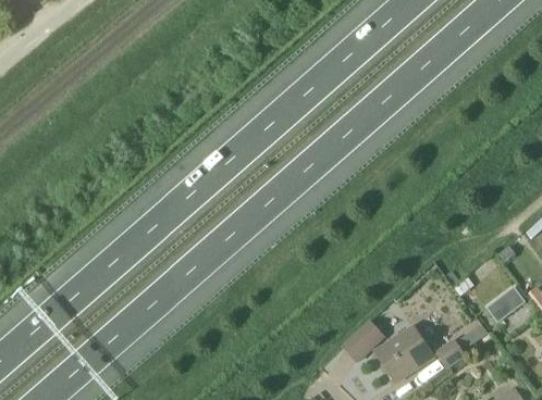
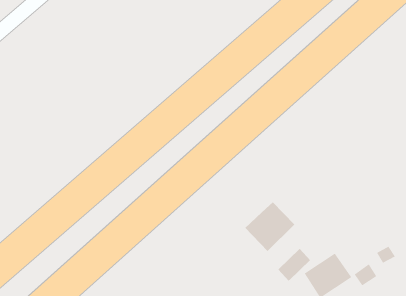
building: none -> [245,202,295,252]

